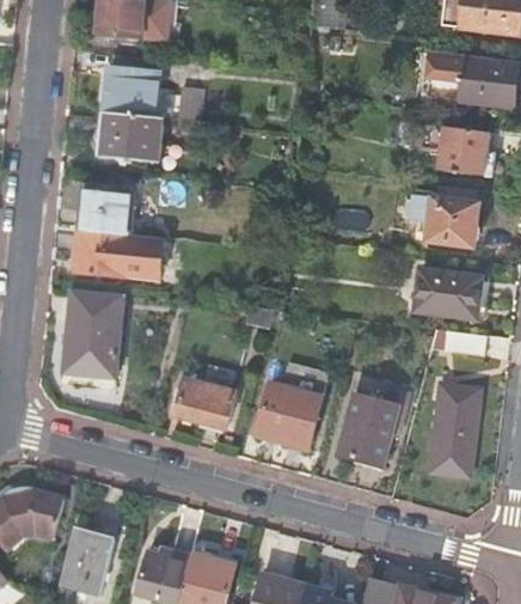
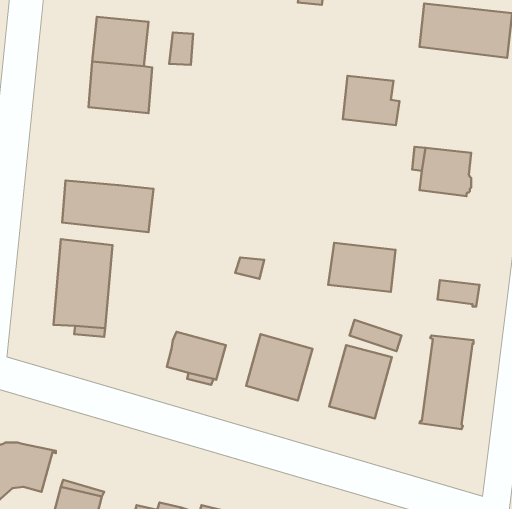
building: [439,127,495,176] -> [343,76,399,125]
building: [75,187,133,234] -> none
building: [415,269,482,318] -> [328,243,396,292]

